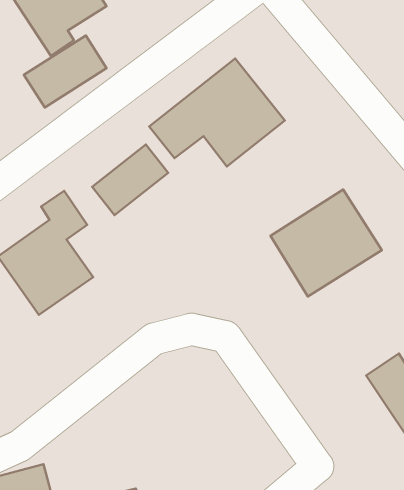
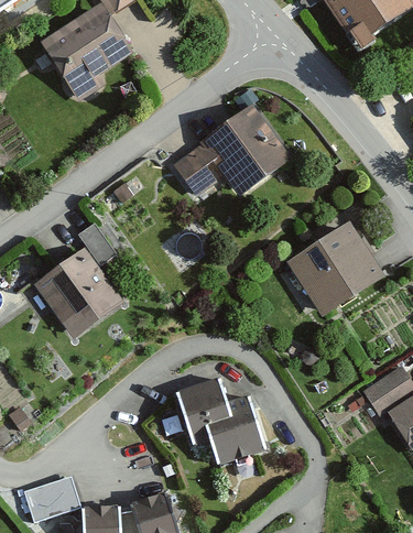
building: [24,35,107,108] -> none
building: [92,145,168,215] -> none
building: none -> [174,376,264,470]

